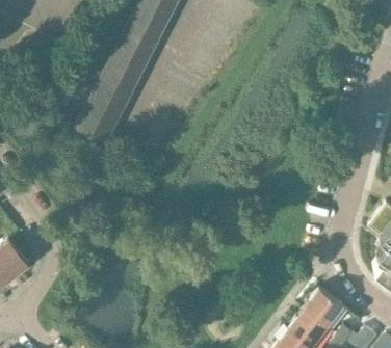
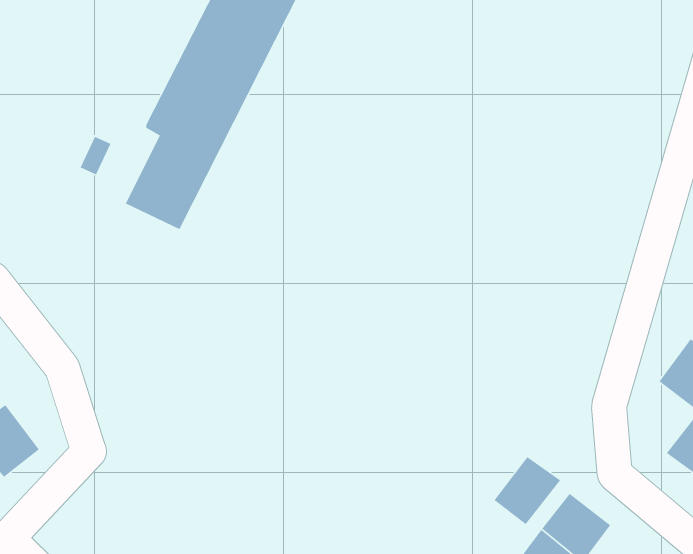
building: none -> [493,456,561,525]

